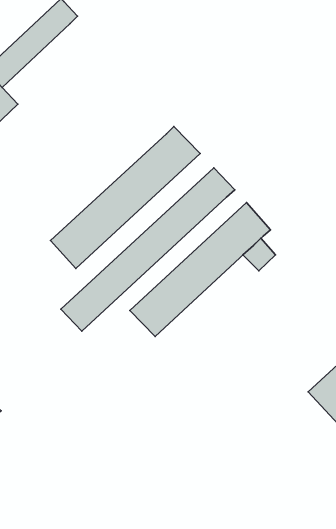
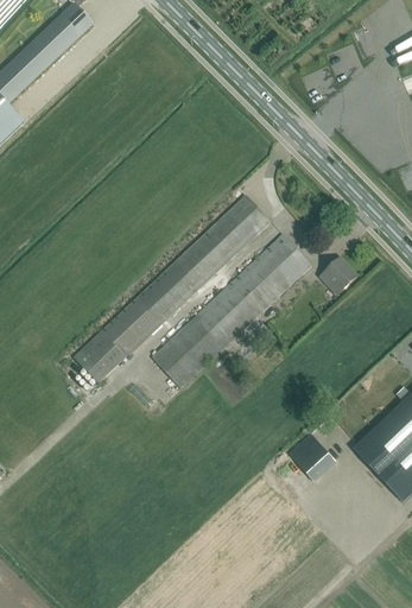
building: [51,127,200,269] -> none
building: [243,238,276,271] -> [321,256,357,293]
building: none -> [289,433,337,482]

